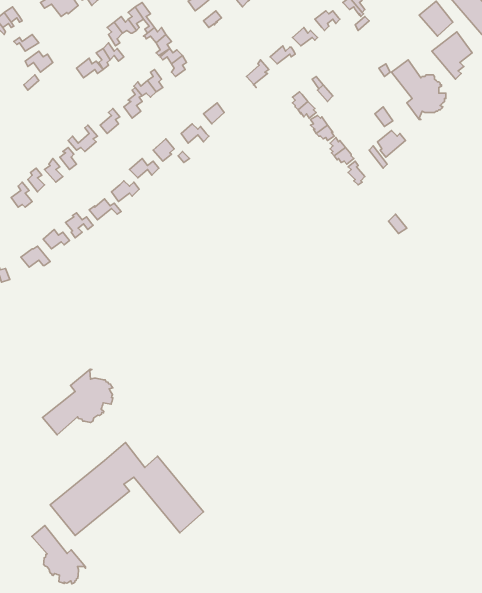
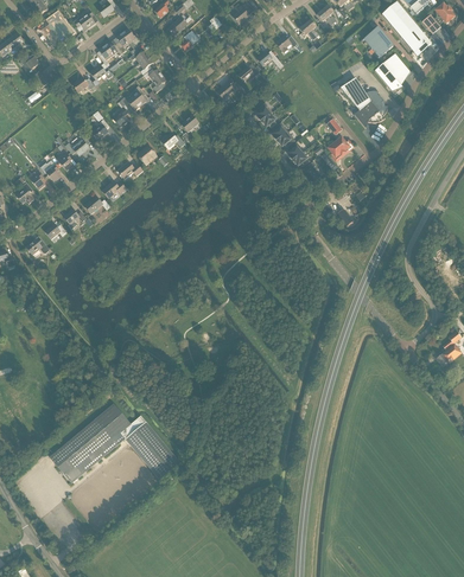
building: [43,369,113,435] -> none
building: [32,526,85,584] -> none

